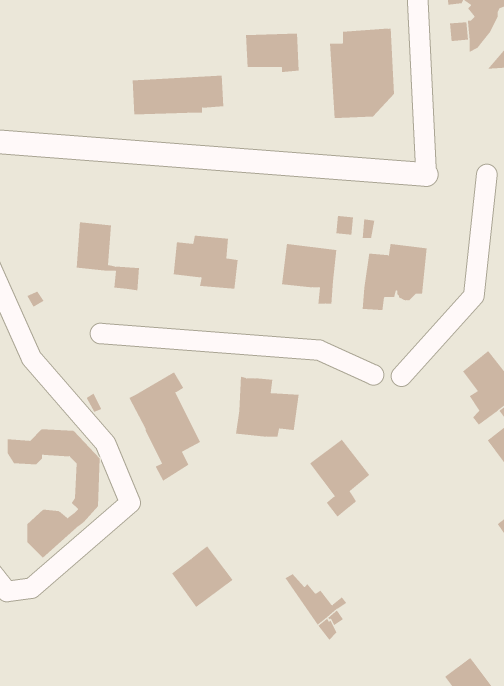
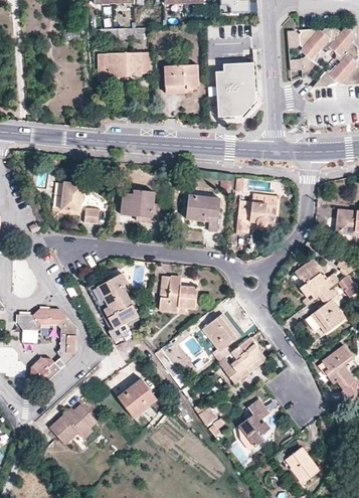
building: [132,75,224,115] -> [98,52,154,76]
building: none -> [218,338,267,385]
building: none -> [238,399,270,447]
building: none -> [49,403,98,444]

